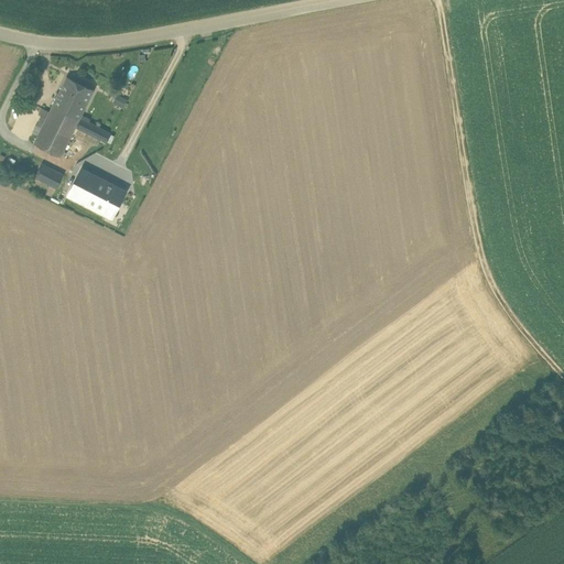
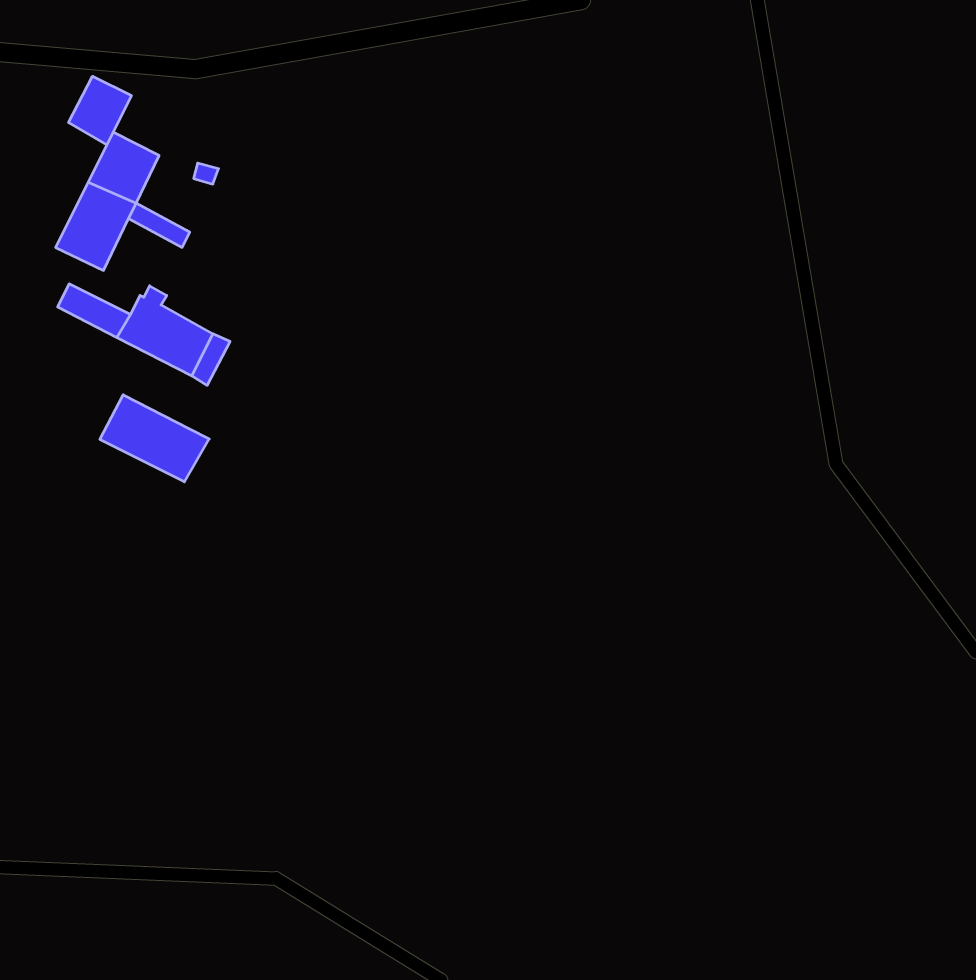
building: none -> [69,76,131,145]
building: none -> [100,395,209,482]

